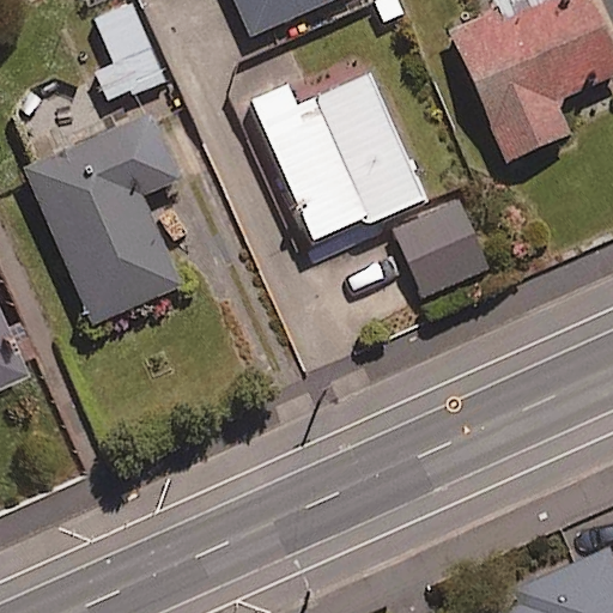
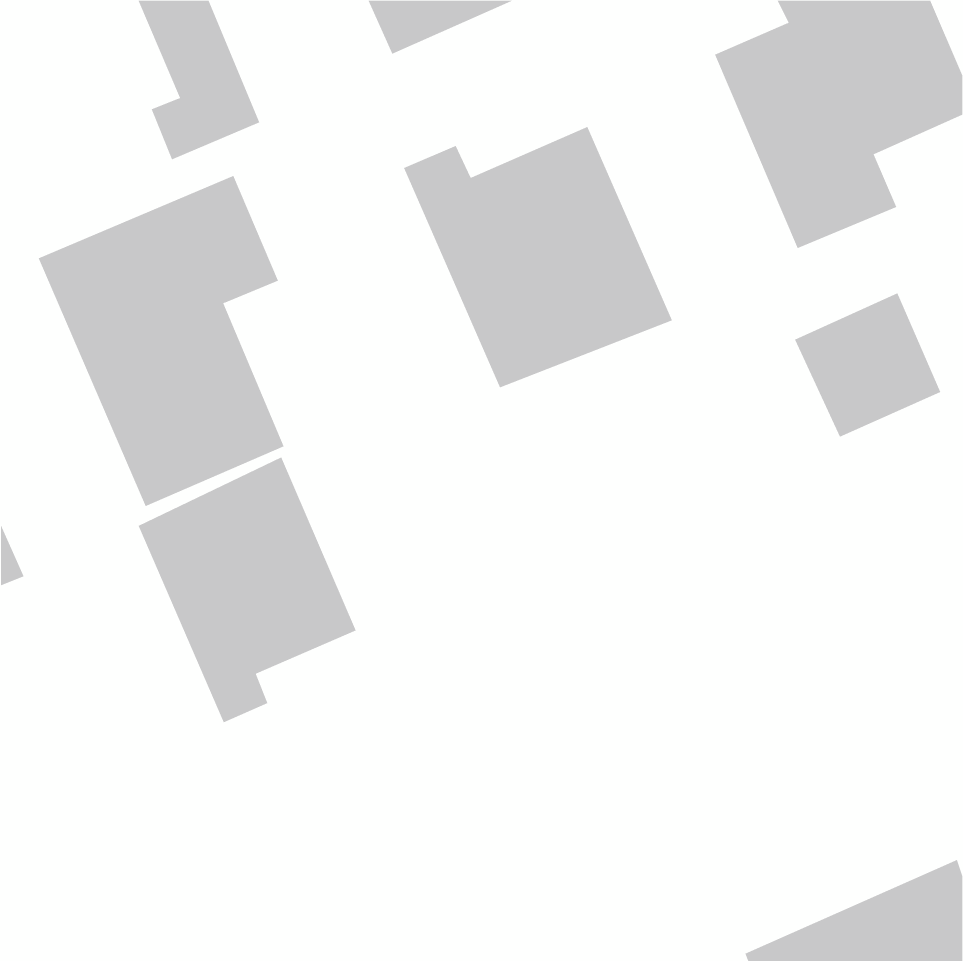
building: [394,201,487,293] -> [794,292,941,437]
building: none -> [138,457,356,723]

